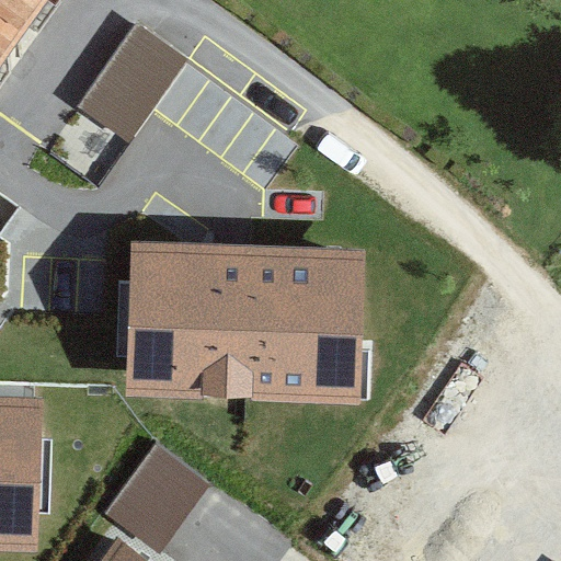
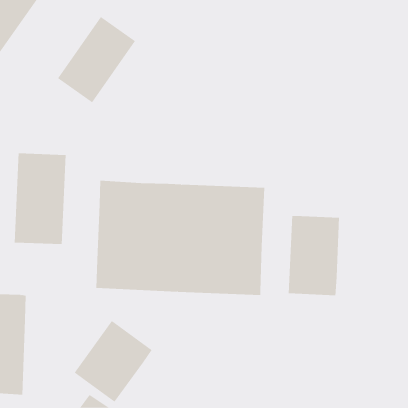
building: none -> [14,152,66,245]
building: none -> [288,215,339,296]

